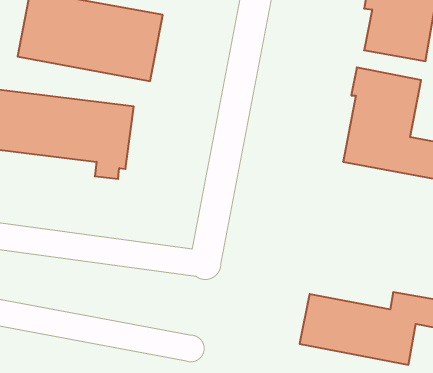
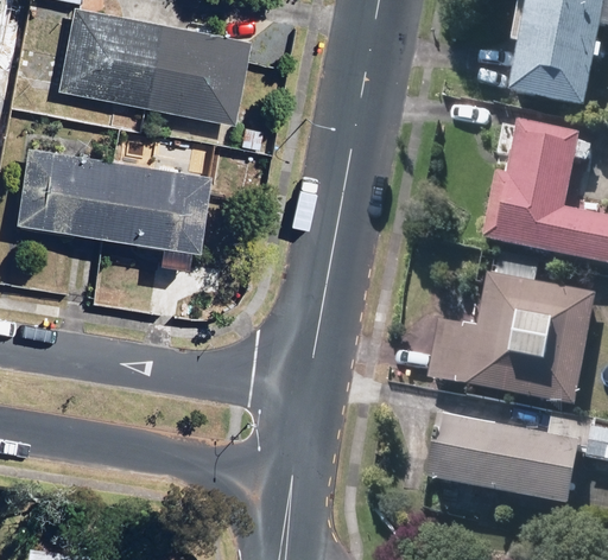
building: none -> [426,252,596,403]

